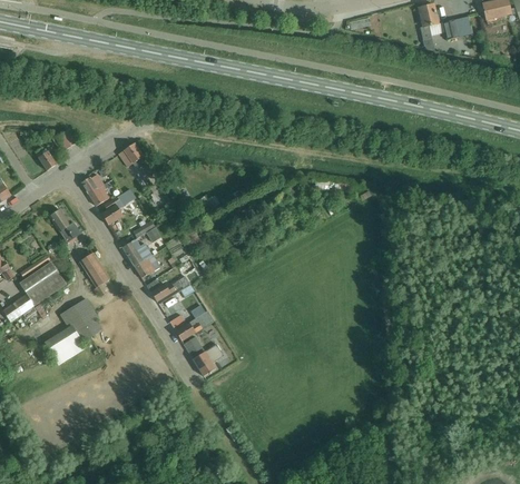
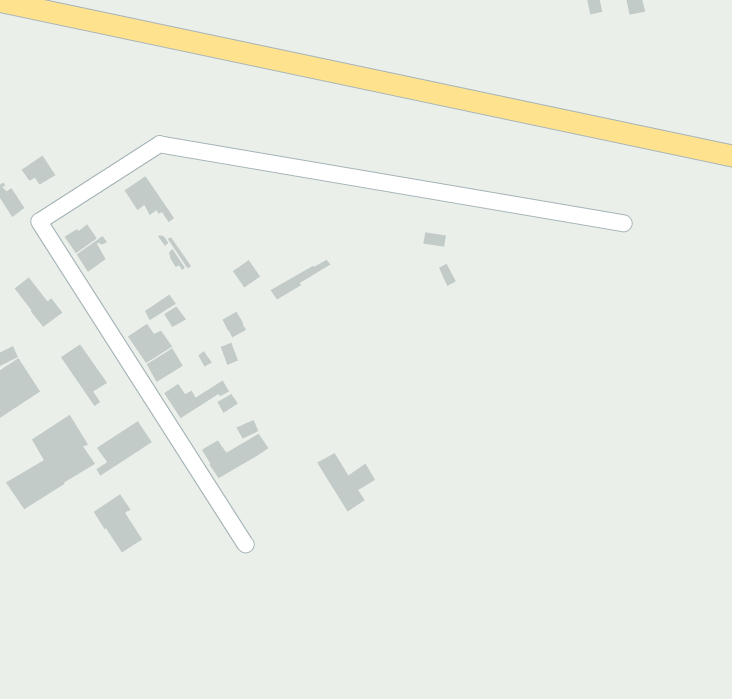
building: [101,189,135,225] -> none
building: none -> [95,420,153,477]
building: [184,337,223,376] -> [316,452,376,512]
building: none -> [93,493,143,553]

